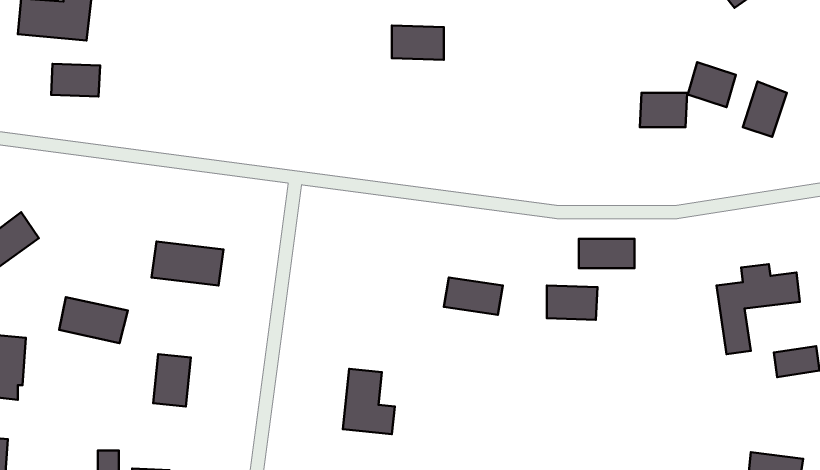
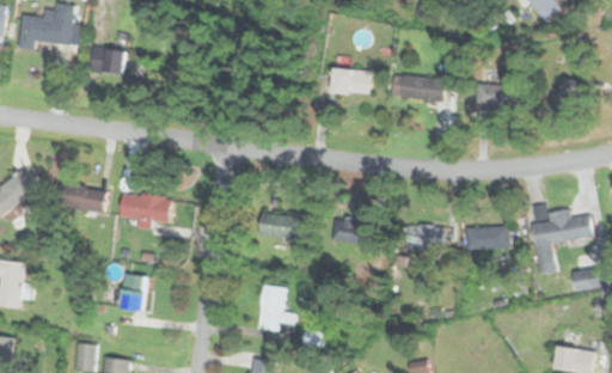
building: [392,26,444,60] -> [331,69,369,94]
building: [688,62,736,107] -> none
building: [51,64,100,97] -> [87,49,123,73]
building: none -> [397,71,445,100]
building: [579,239,634,268] -> [467,227,508,249]
building: none -> [258,210,307,241]
building: [59,297,128,343] -> [56,182,106,215]

